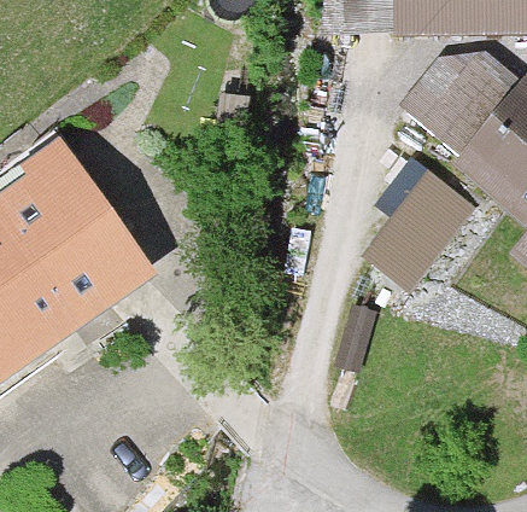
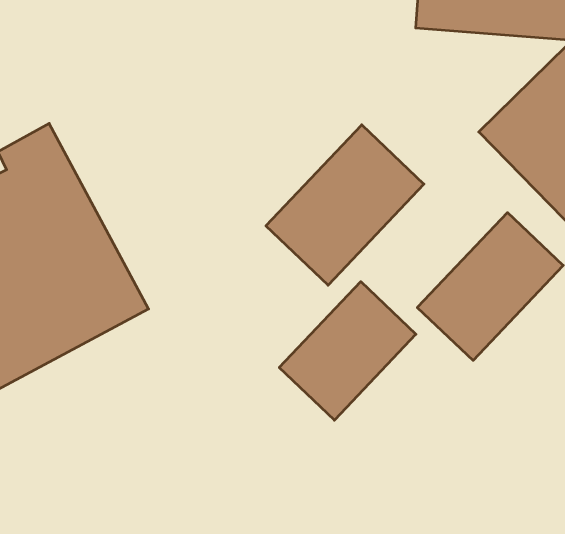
building: none -> [266,125,424,285]
building: none -> [279,282,416,420]

